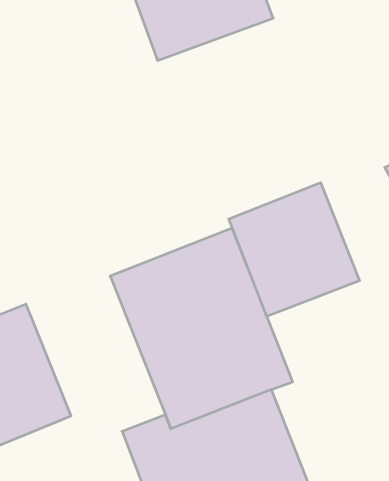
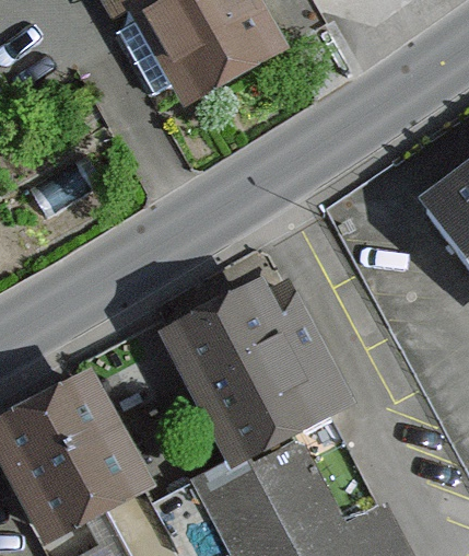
building: [229,183,360,316] -> none

